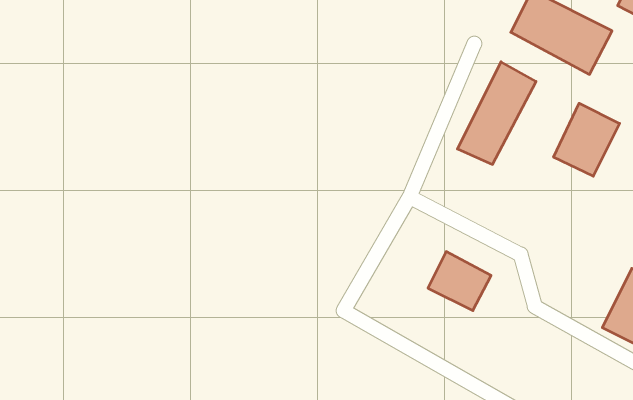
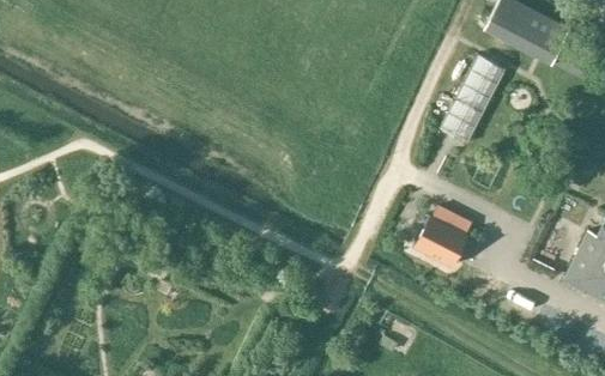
building: [554,103,620,176] -> none

